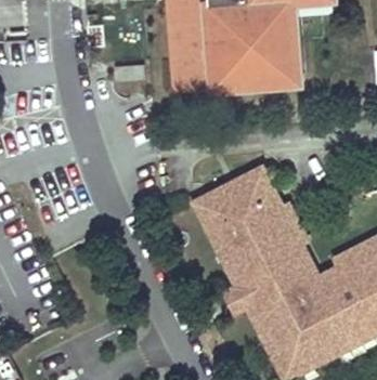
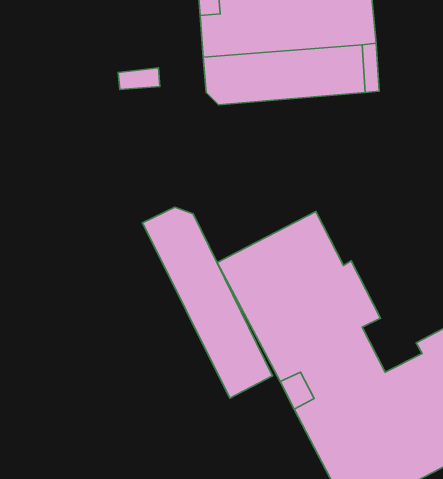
building: none -> [143,207,273,398]

